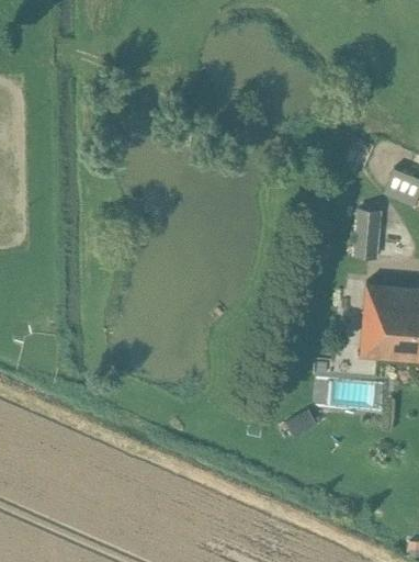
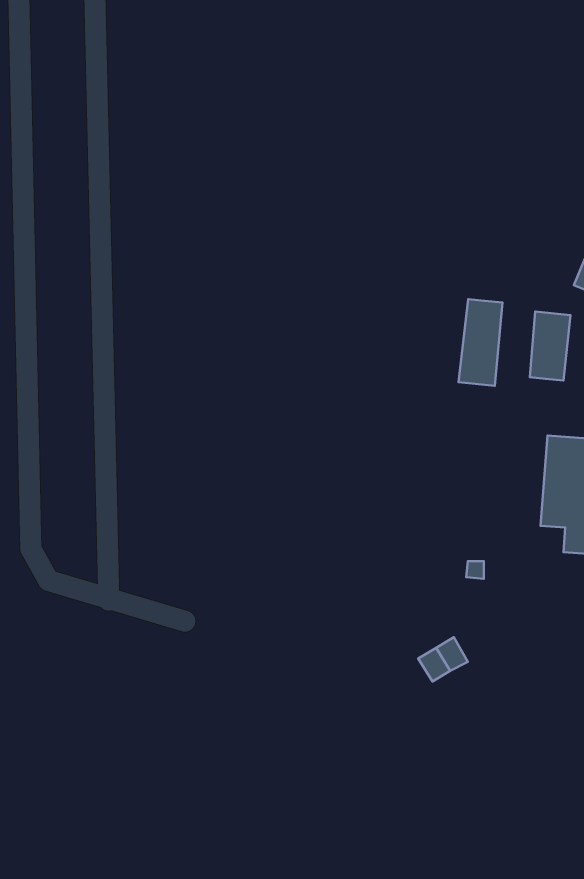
building: none -> [459,299,503,386]

